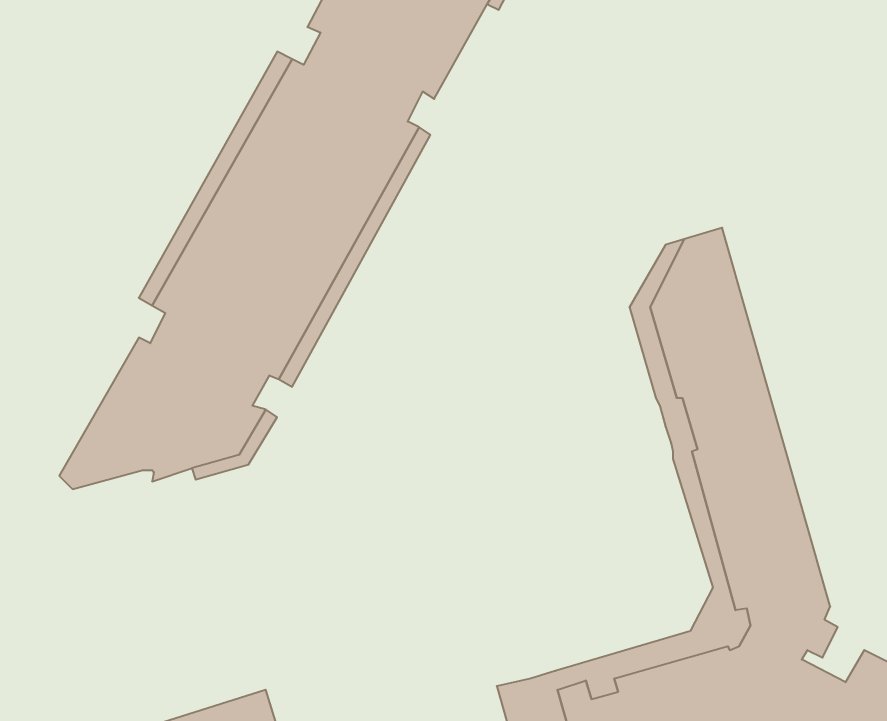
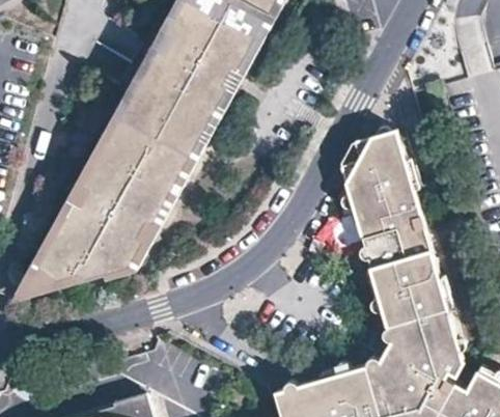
building: none -> [11,196,80,301]

